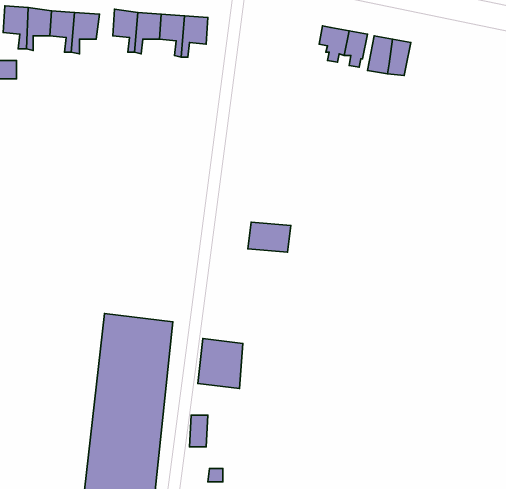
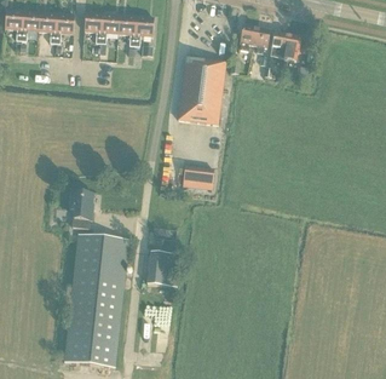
building: none -> [178,57,226,126]
building: none -> [70,190,93,228]

